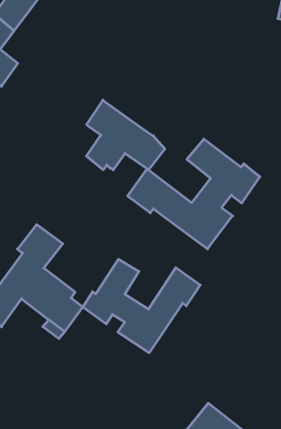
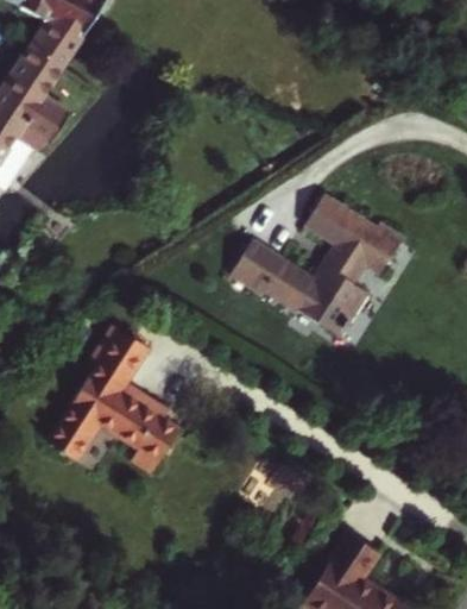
building: [86,100,165,170] -> none
building: [83,259,200,353] -> none

